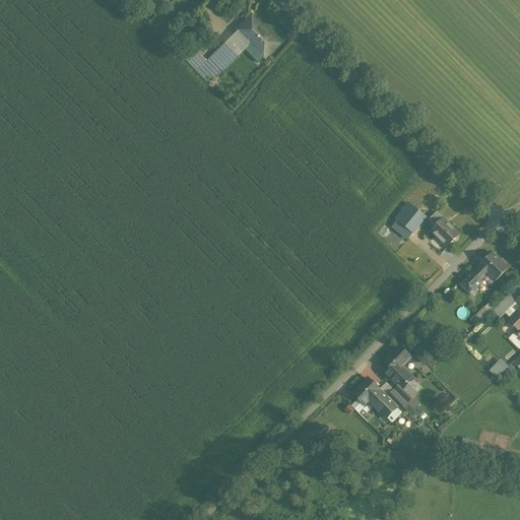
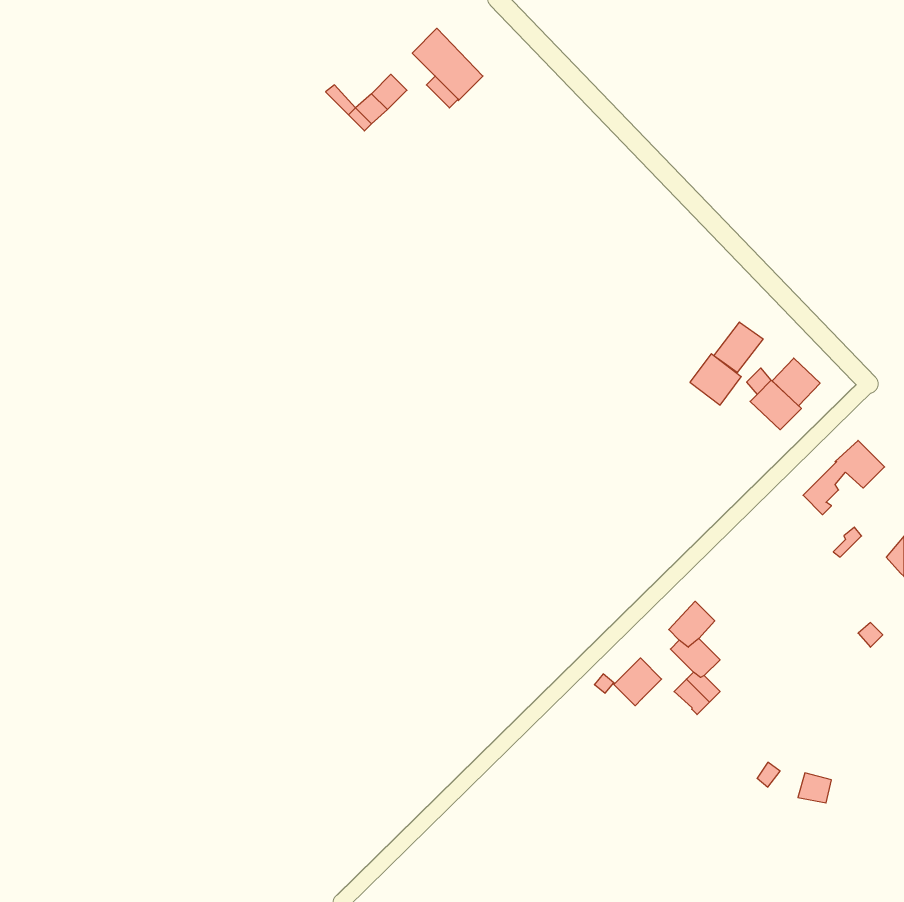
building: none -> [714,322,763,373]
building: none -> [772,358,820,406]
building: [369,390,397,418] -> none

